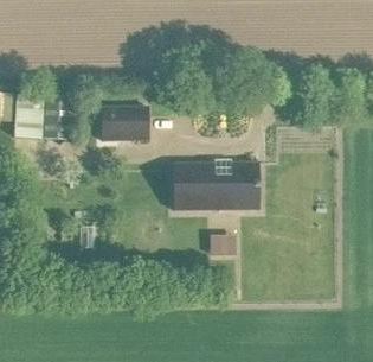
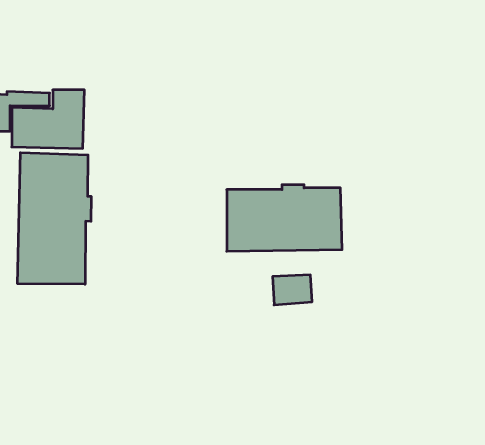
building: [98,107,147,140] -> none
building: none -> [18,153,91,284]

